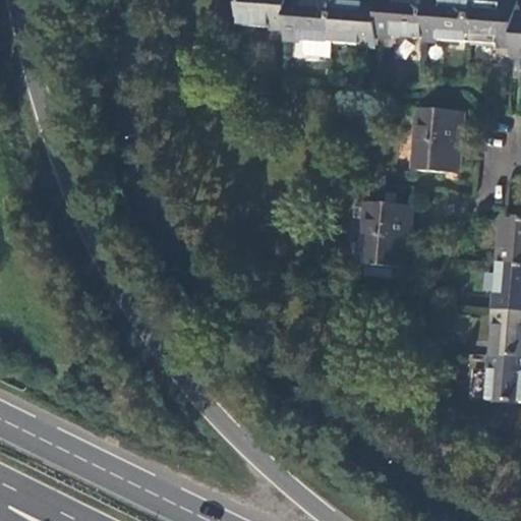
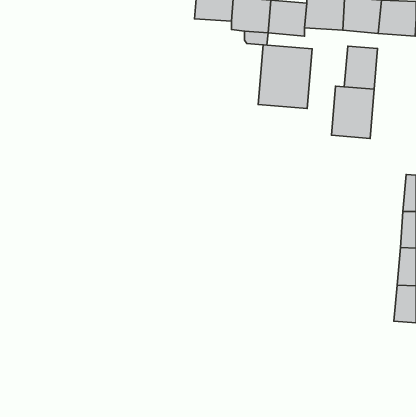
building: none -> [258,45,312,109]
building: none -> [344,46,378,89]
building: [358,200,411,267] -> none

